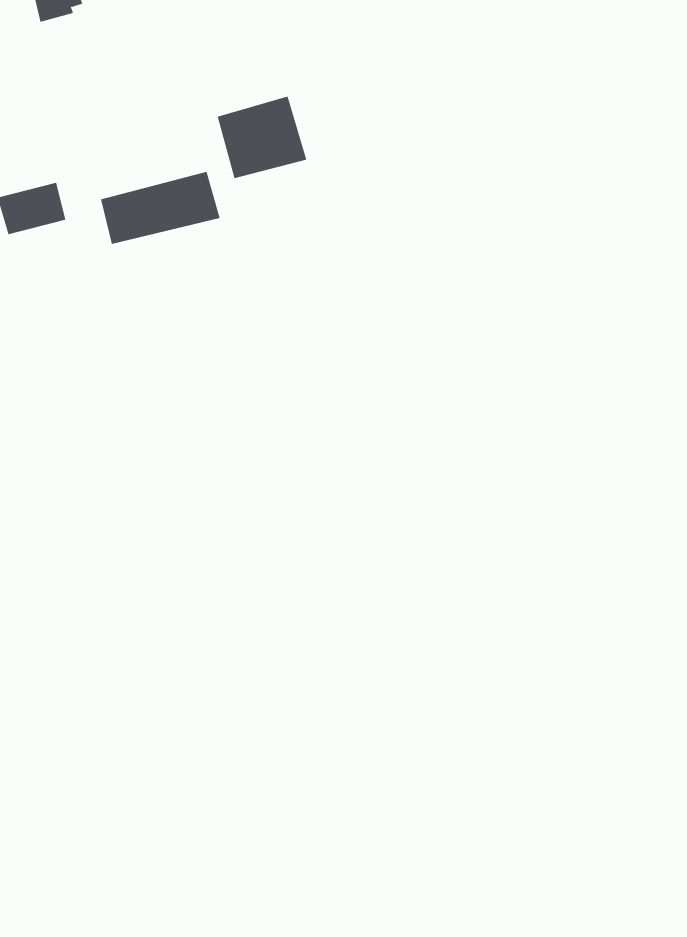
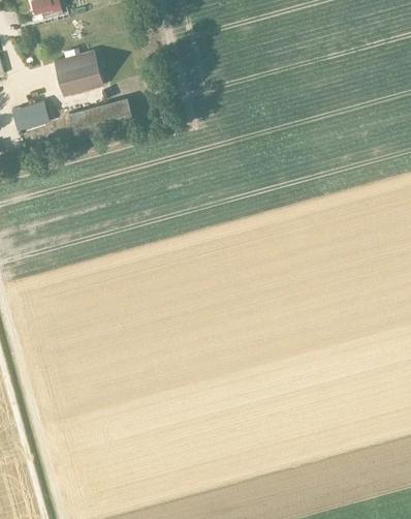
building: [217,96,307,179] -> [55,51,104,96]

